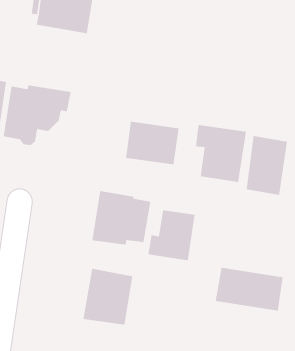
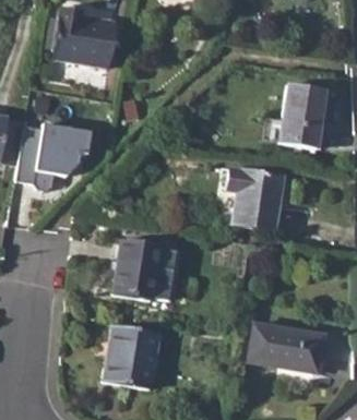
building: [126,121,179,165] -> none
building: [246,136,288,195] -> [279,83,325,148]
building: [148,209,195,261] -> none

